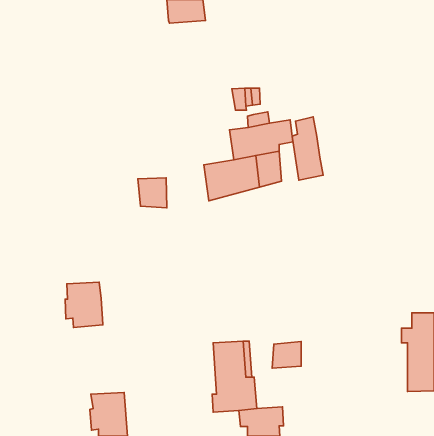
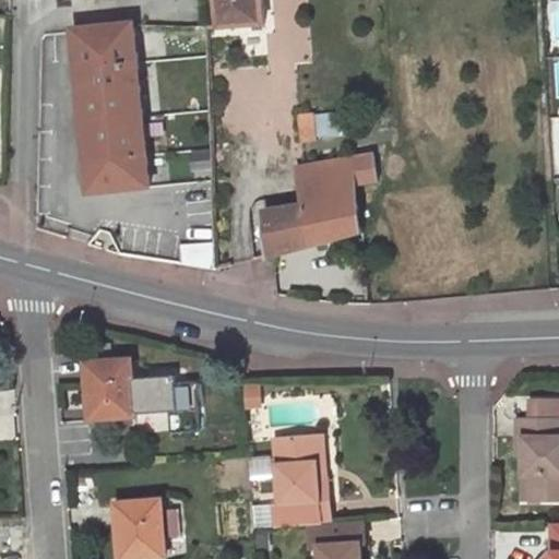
building: none -> [70,24,147,193]
building: [292,117,323,180] -> none
building: none -> [129,377,194,416]
building: [272,342,301,368] -> none

